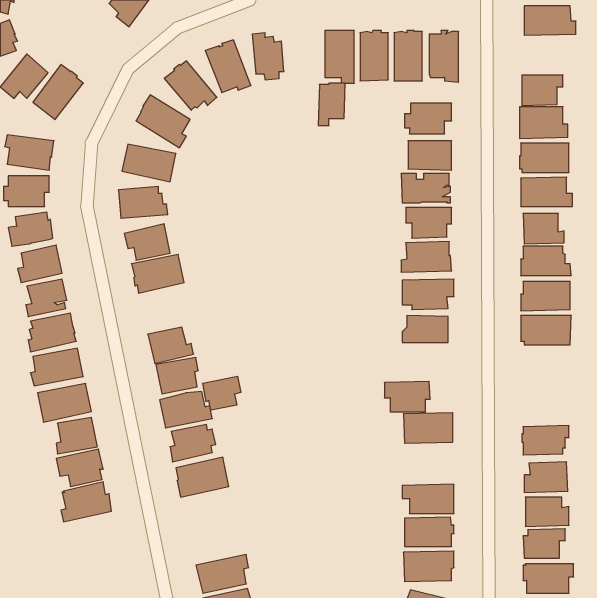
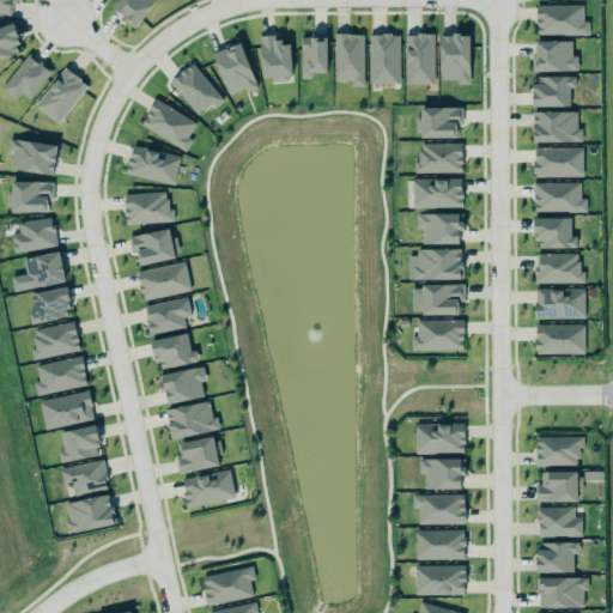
building: none -> [535,42,579,73]
building: [318,83,345,125] -> [301,36,328,79]
building: none -> [144,297,190,334]
building: [203,376,241,410] -> none
building: [384,381,430,412] -> [420,460,467,491]

